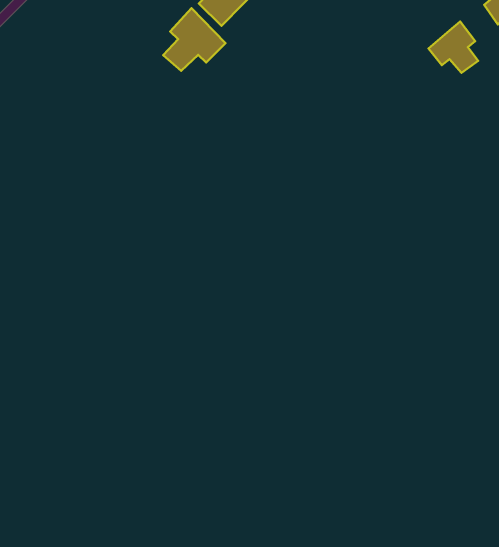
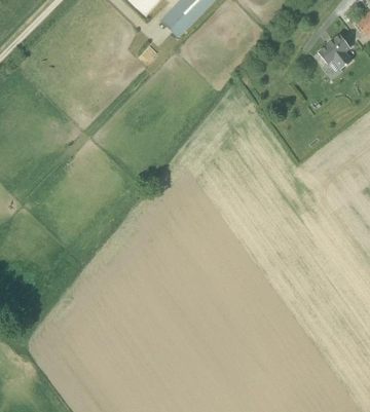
building: [163,8,225,71] -> none

